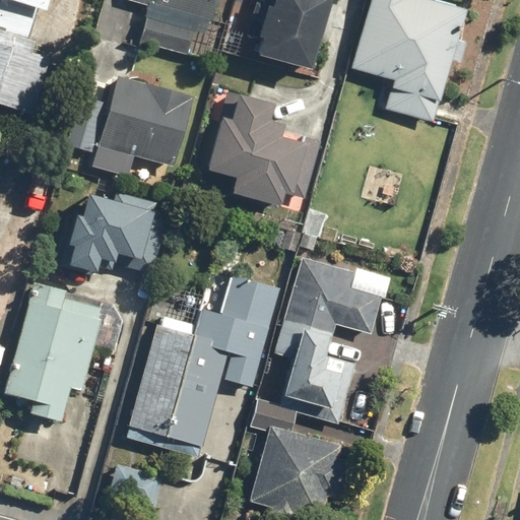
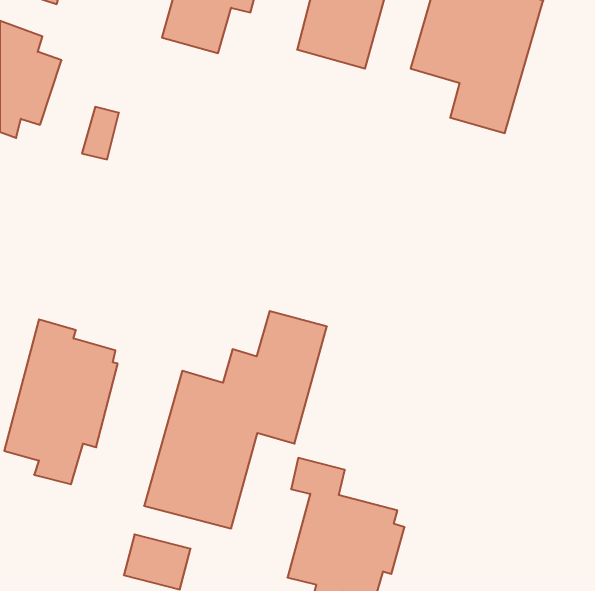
building: [90,75,192,172] -> none
building: [209,92,321,204] -> none
building: [72,191,168,273] -> none
building: [273,256,382,420] -> none

